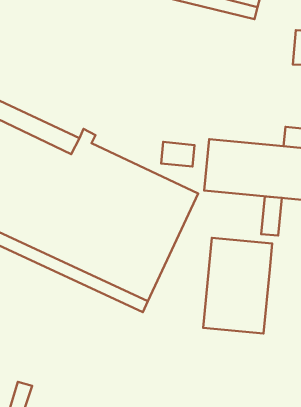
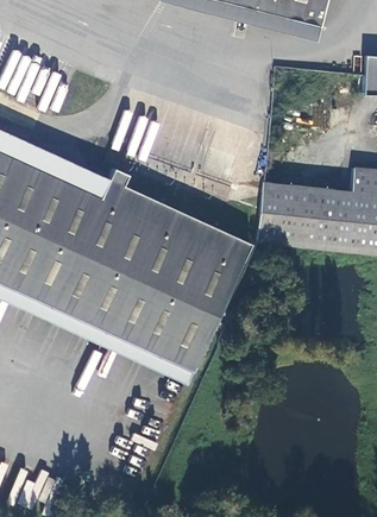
building: [161,142,195,167] -> none
building: [261,196,282,236] -> none
building: [203,238,272,334] -> none

